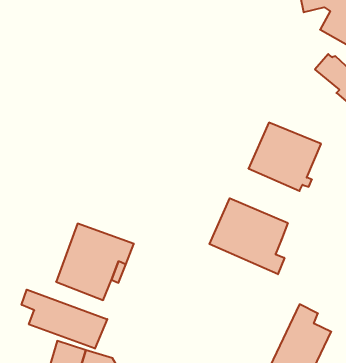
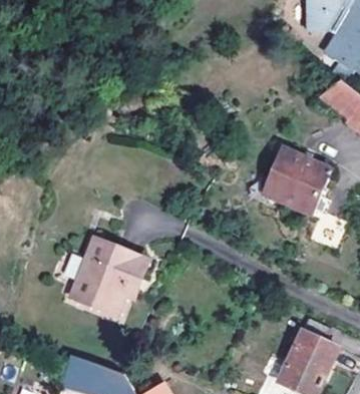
building: [209,198,288,274] -> none
building: [22,290,107,349] -> none

